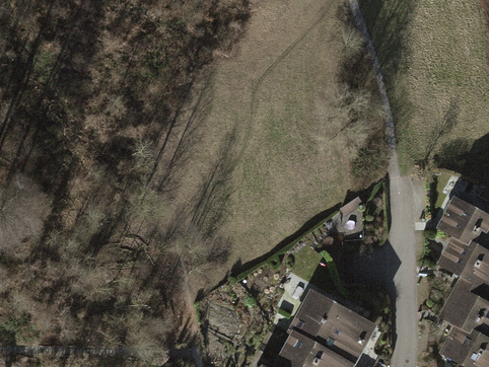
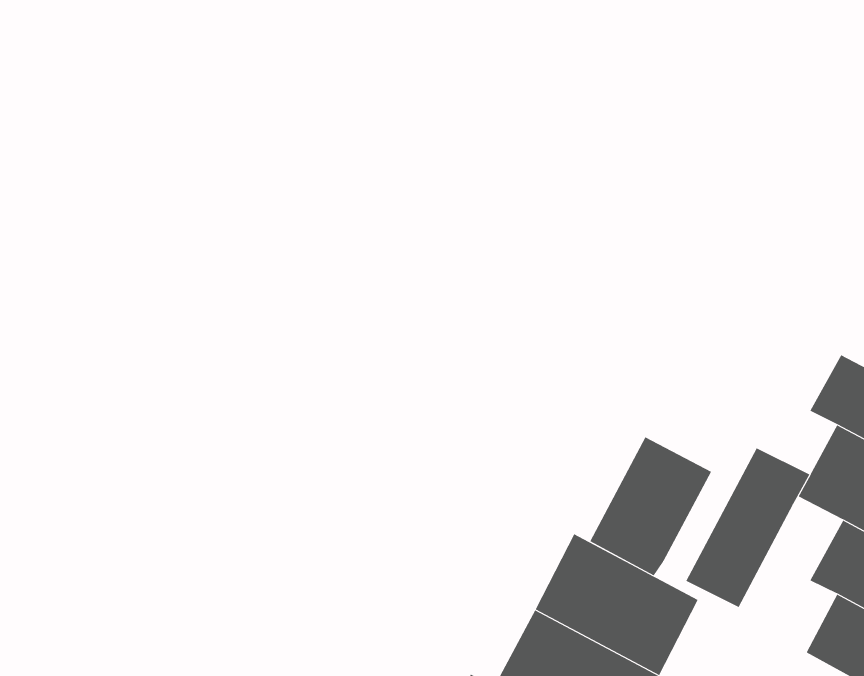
building: none -> [589,437,712,576]
building: none -> [686,448,810,608]

